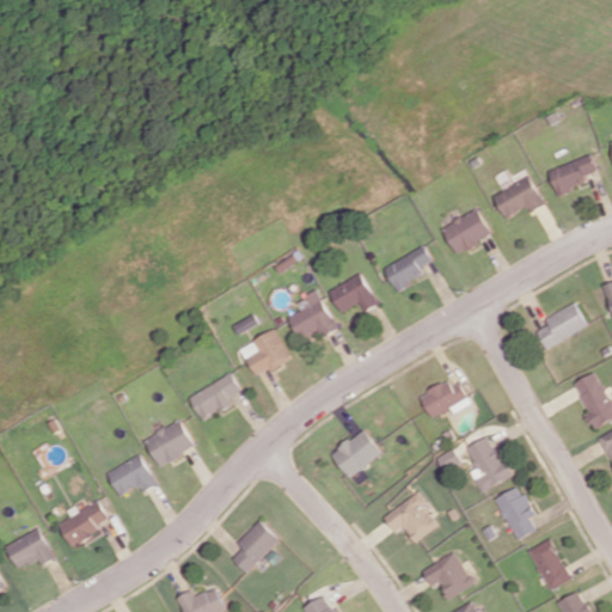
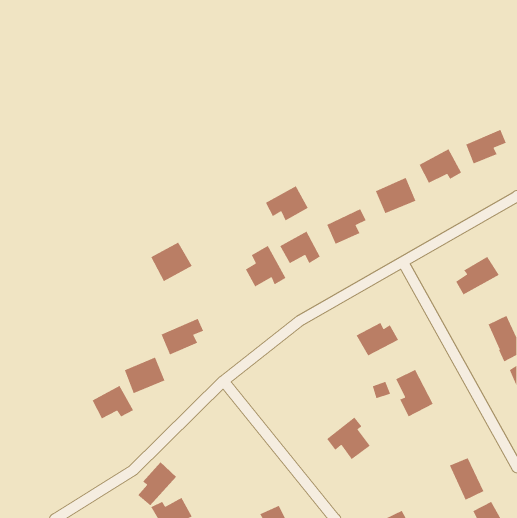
building: none -> [265,185,309,221]
building: [240,330,290,378] -> [150,242,193,282]
building: [331,429,381,478] -> none
building: [494,485,536,540] -> none
building: [59,502,108,547] -> none
building: [232,520,279,573] -> [137,462,177,506]
building: [6,528,55,569] -> none
building: [422,552,473,599] -> none

